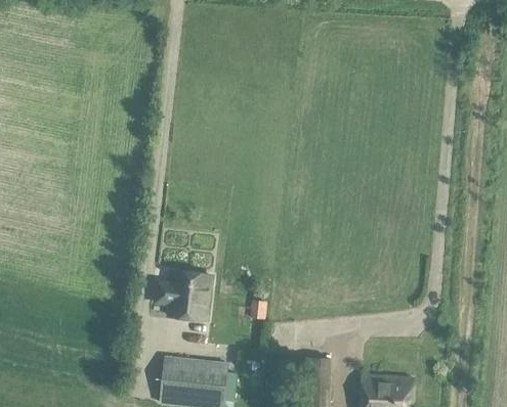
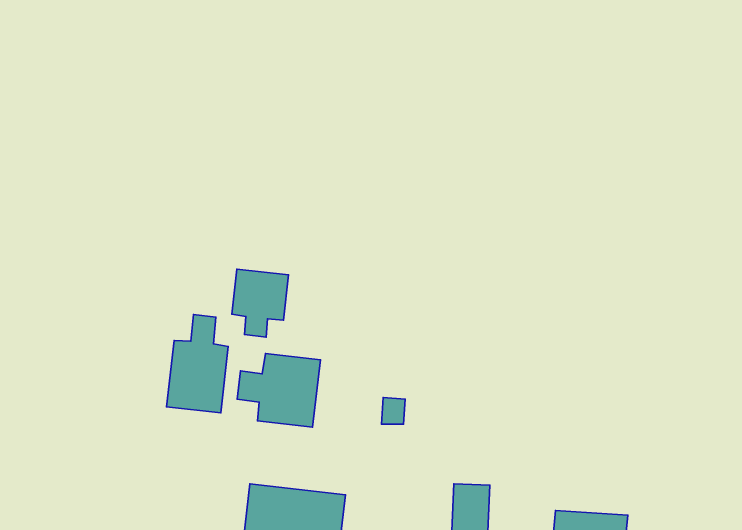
building: none -> [232,269,289,337]
building: none -> [167,314,228,413]

